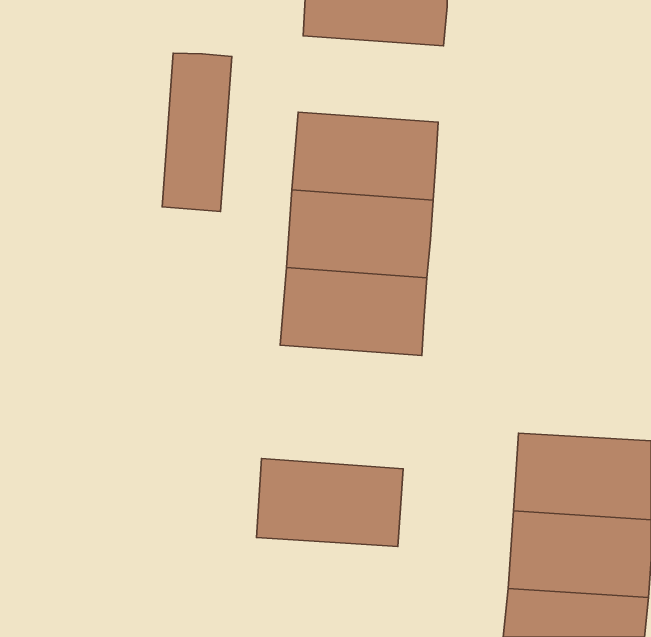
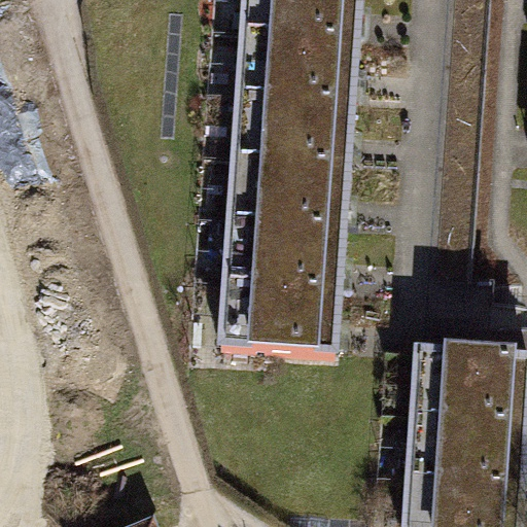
building: none -> [241,29,358,99]
building: [162,53,232,211] -> none
building: [257,458,403,546] -> [222,279,341,350]

